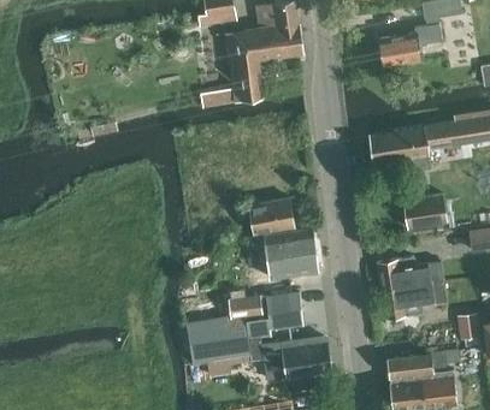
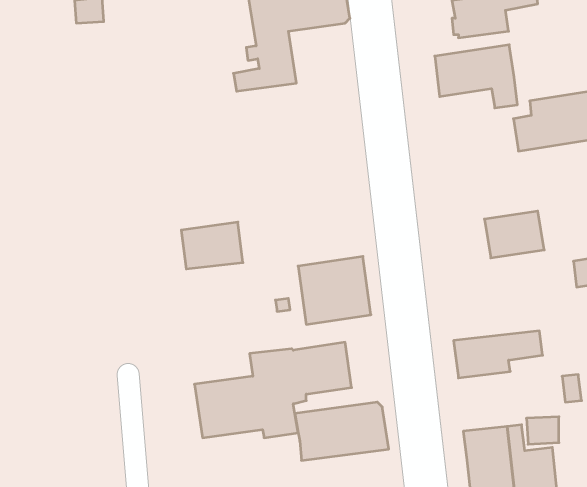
building: [368,126,430,173] -> [435,45,517,108]
building: [247,198,293,233] -> [181,222,243,269]
building: [376,257,443,291] -> none

